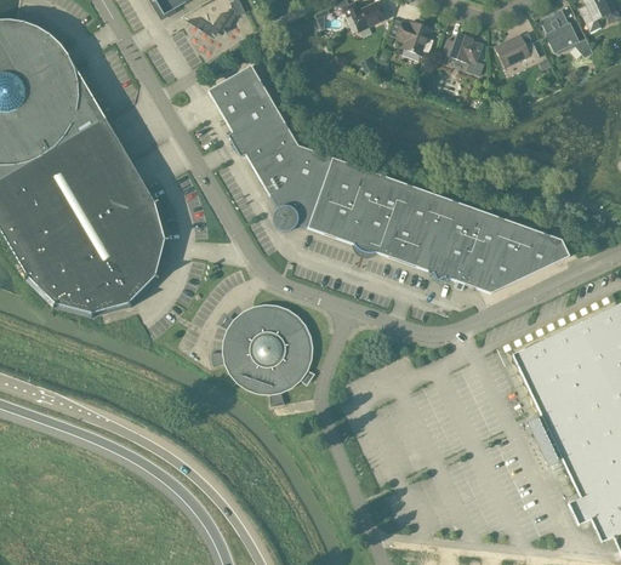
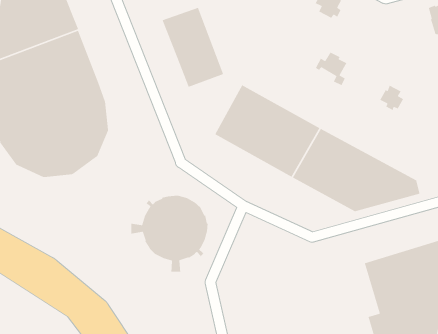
building: [441,33,483,74] -> [315,51,347,86]
building: [496,35,540,65] -> none
building: none -> [379,85,404,111]
building: [255,145,321,232] -> none

